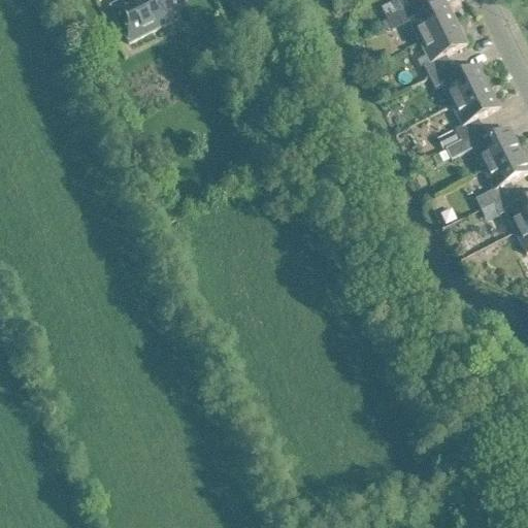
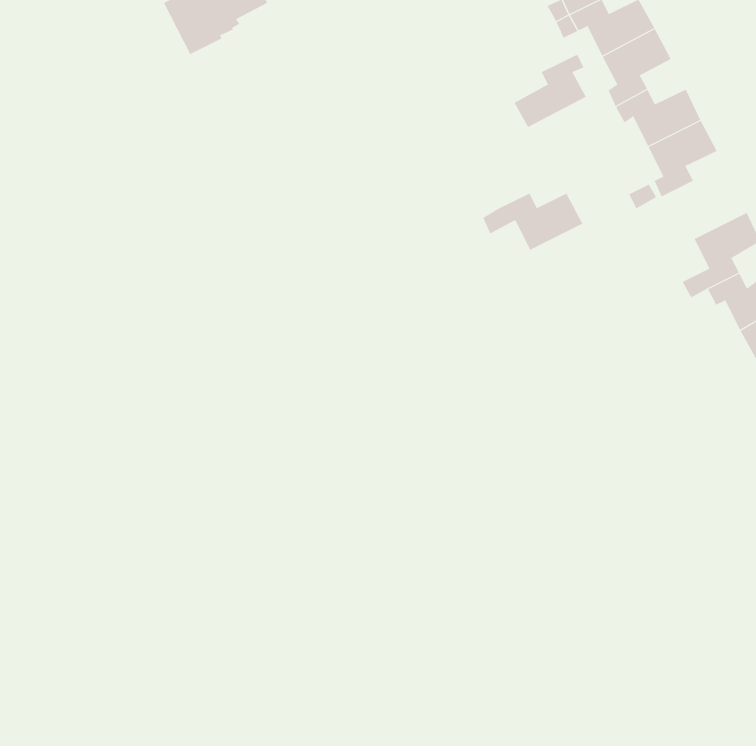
building: none -> [514,54,586,128]
building: [451,126,521,166] -> [482,193,583,251]

